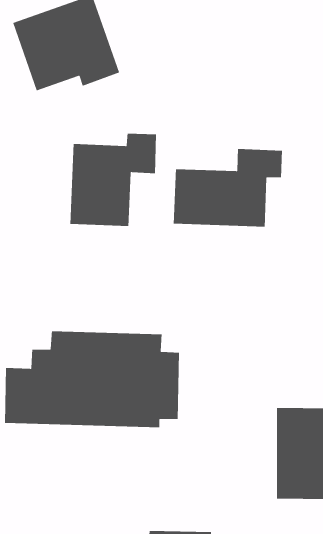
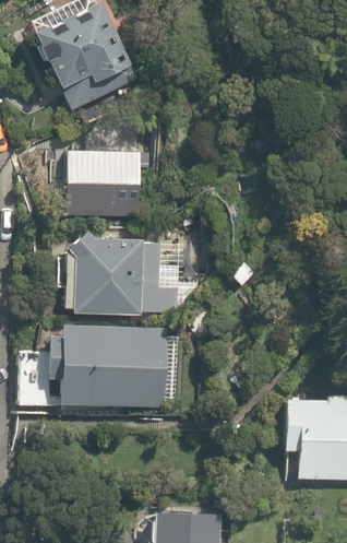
building: [173,148,283,227] -> none
building: none -> [72,238,145,318]

